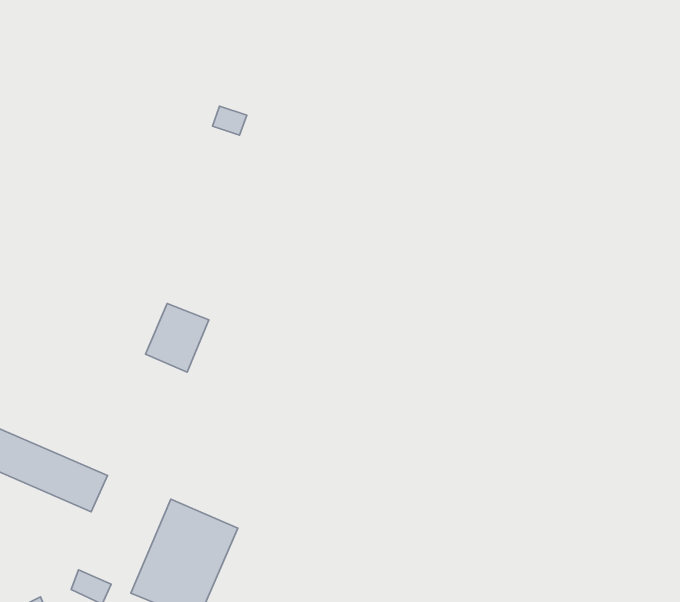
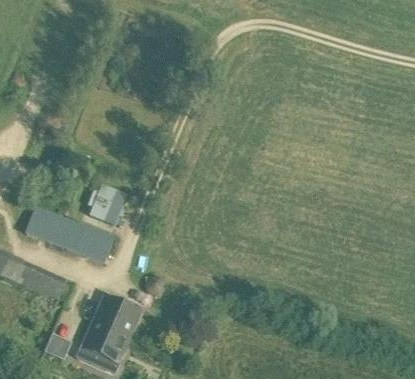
building: none -> [26,207,113,263]

